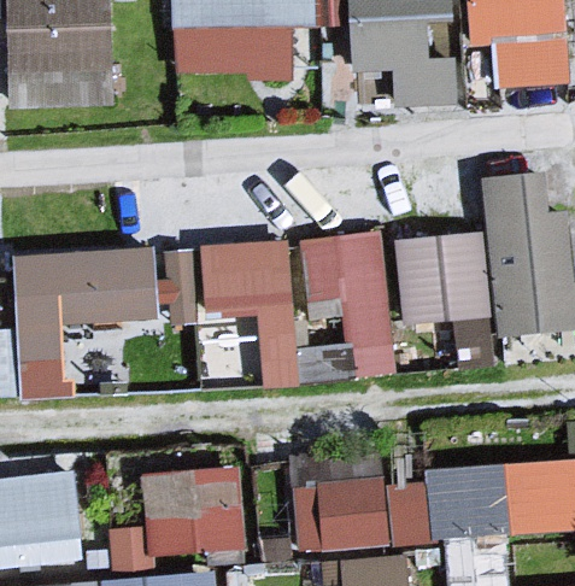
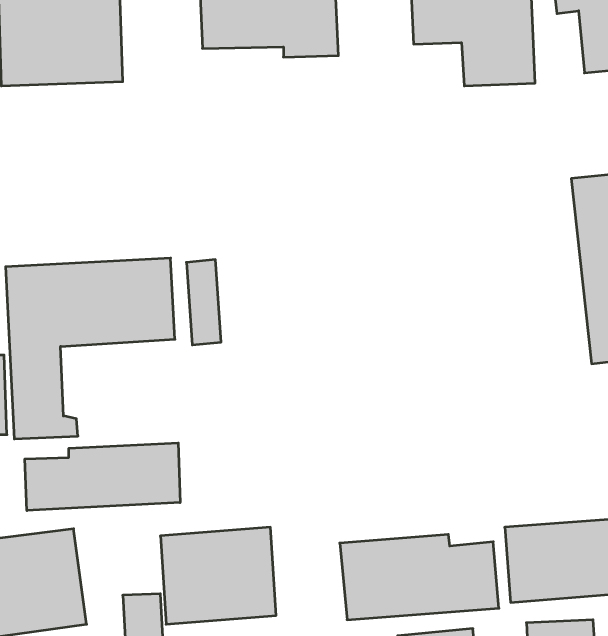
building: [297,235,393,377] -> none
building: [399,235,493,368] -> none
building: [203,242,297,388] -> none
building: none -> [25,443,180,511]

